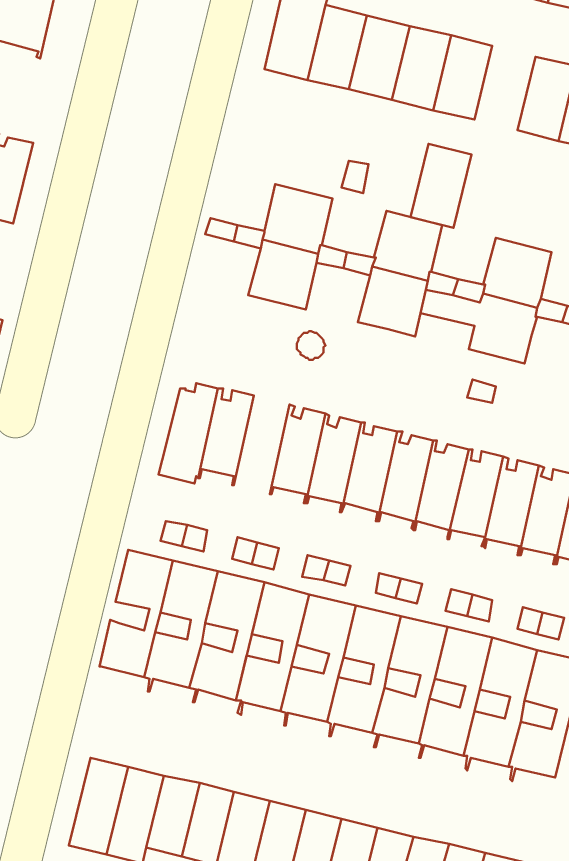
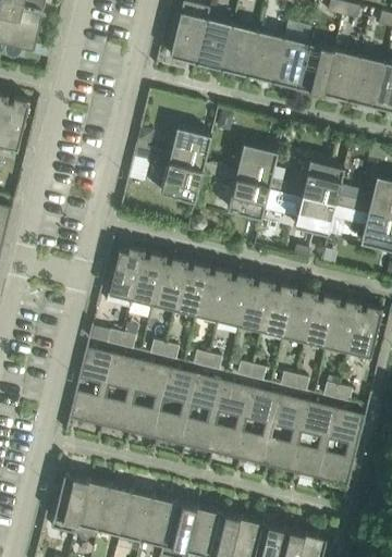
building: [411,144,472,228] -> [296,42,333,94]
building: none -> [150,255,184,314]

